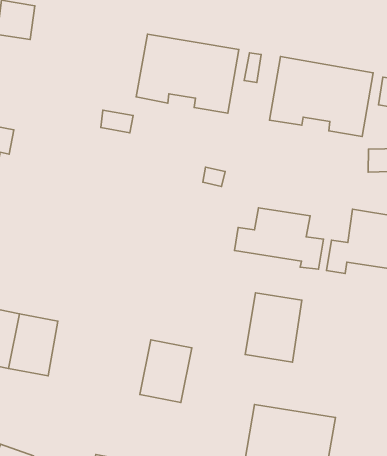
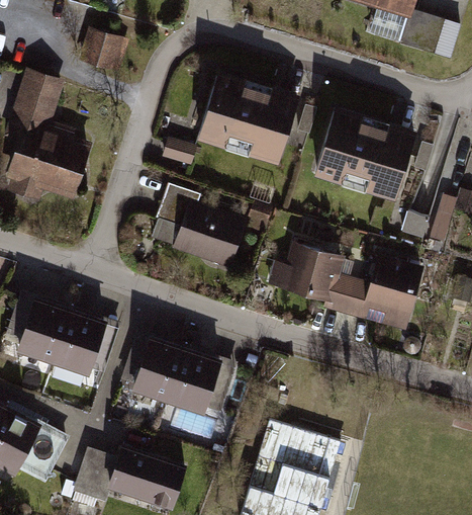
building: none -> [161,185,243,265]
building: [245,293,302,362] -> none
building: none -> [134,341,184,400]

